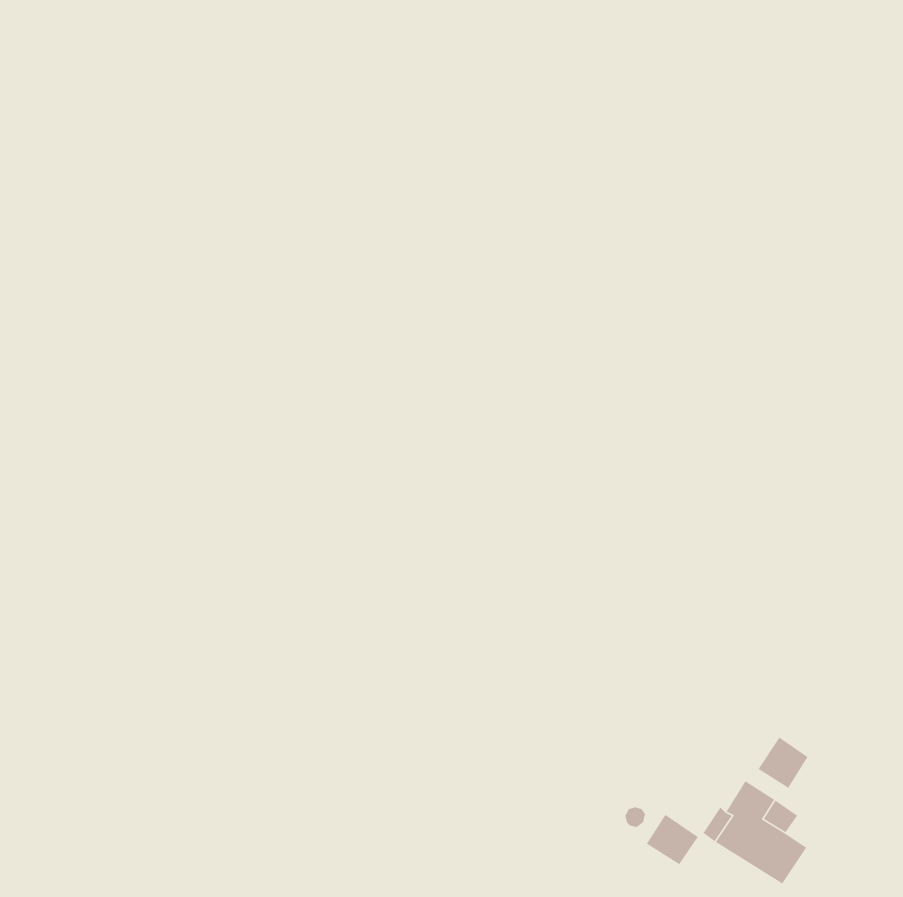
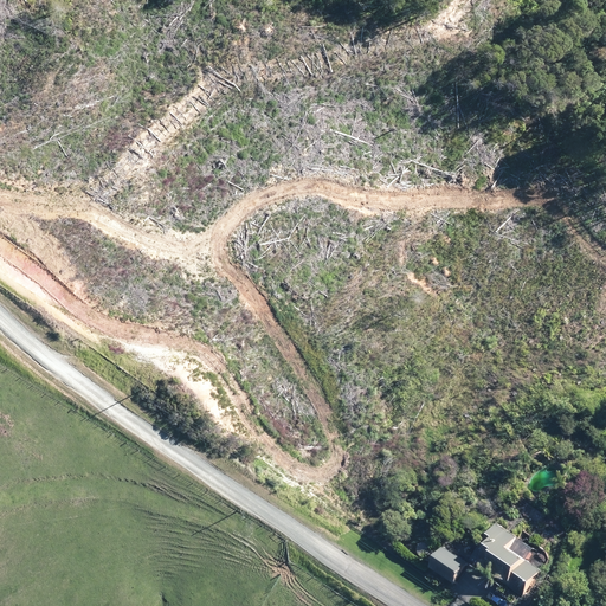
building: [757,736,809,789] -> none

